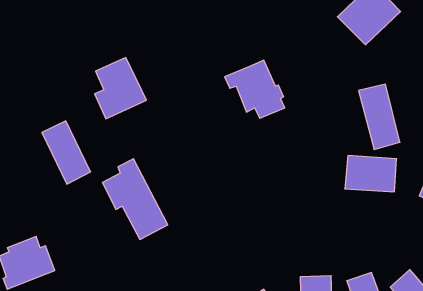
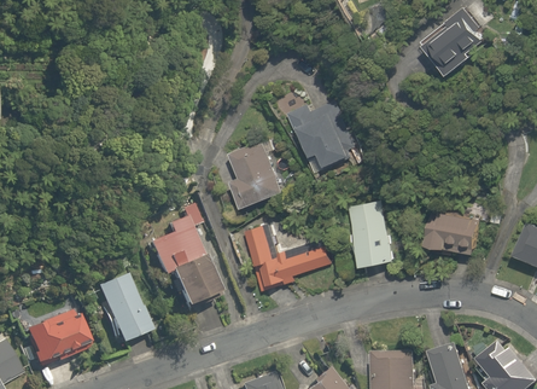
building: [95,58,146,119] -> [232,138,292,209]
building: [359,84,400,150] -> [346,192,395,268]
building: [42,121,91,184] -> [93,269,150,343]
building: none -> [239,216,332,286]

